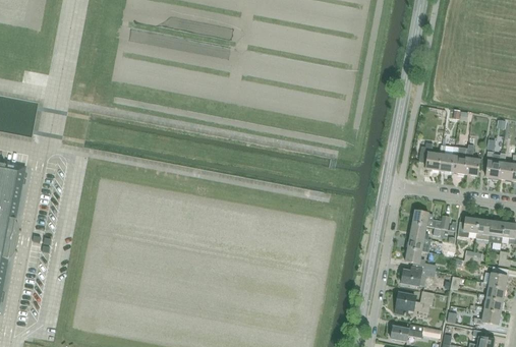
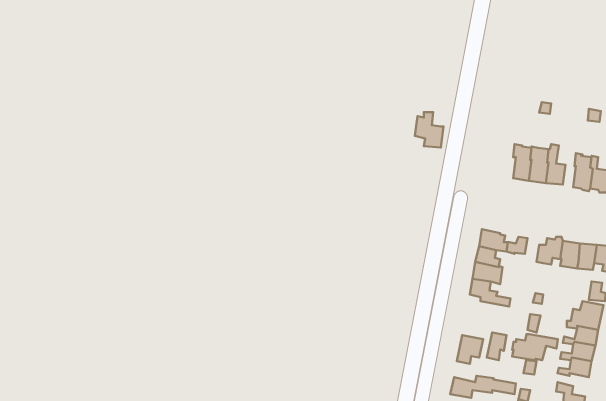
building: [418,143,441,171] -> [415,112,444,148]
building: [400,267,436,287] -> [512,334,558,360]

